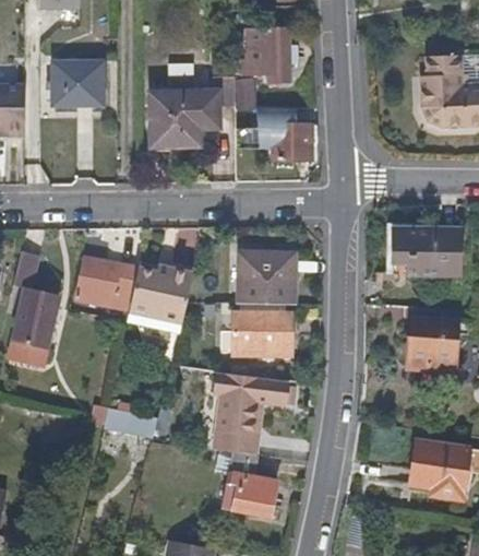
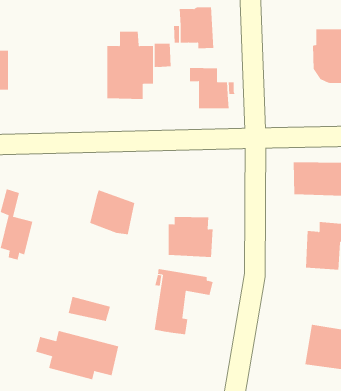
building: [55,62,105,106] -> none
building: [239,253,291,301] -> none
building: [76,259,139,308] -> none
building: none -> [36,330,119,380]
building: [221,451,276,516] -> none

